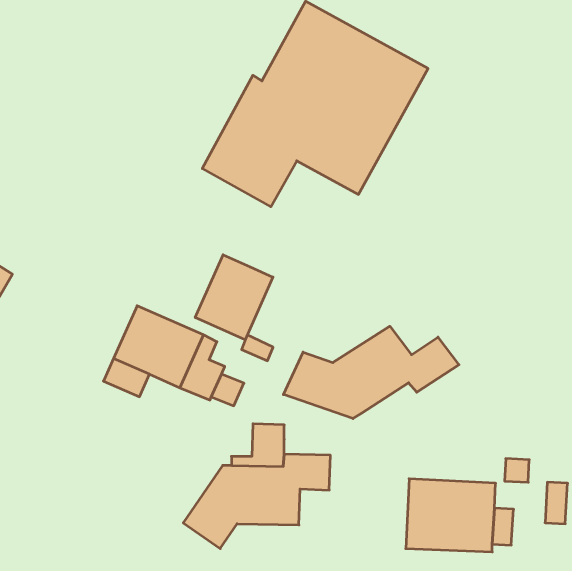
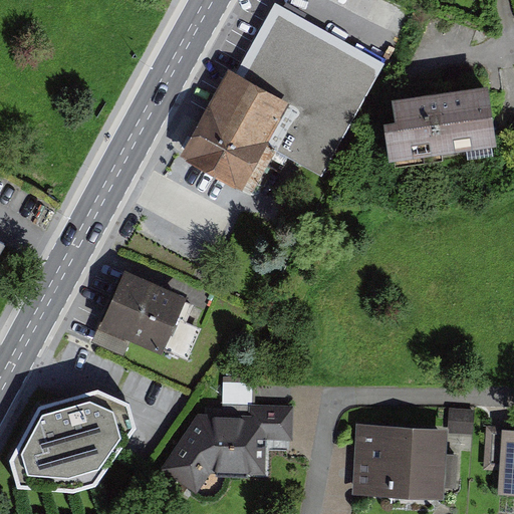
building: none -> [383,82,488,156]
building: [195,255,273,340] -> none
building: [283,326,459,419] -> none
building: none -> [8,391,135,493]

